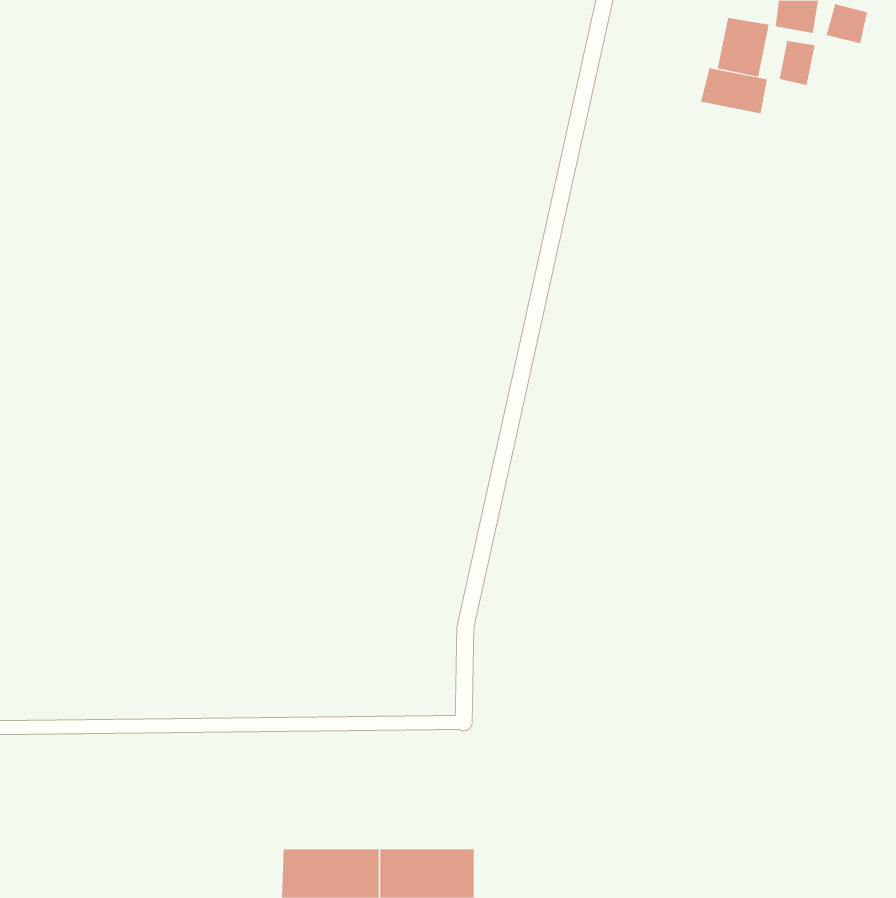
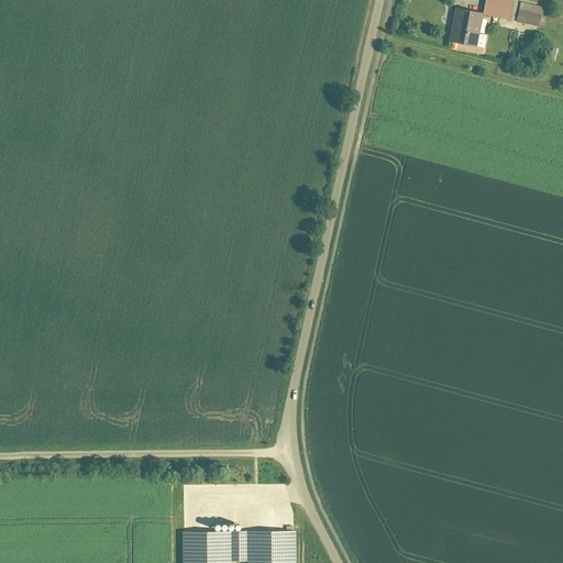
building: [779,40,815,86] -> none
building: [701,68,767,114] -> none

